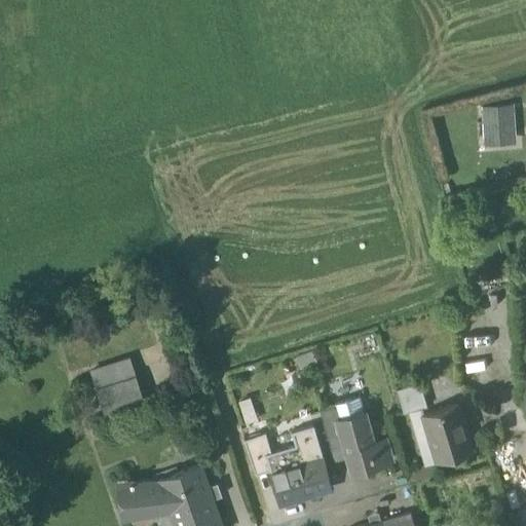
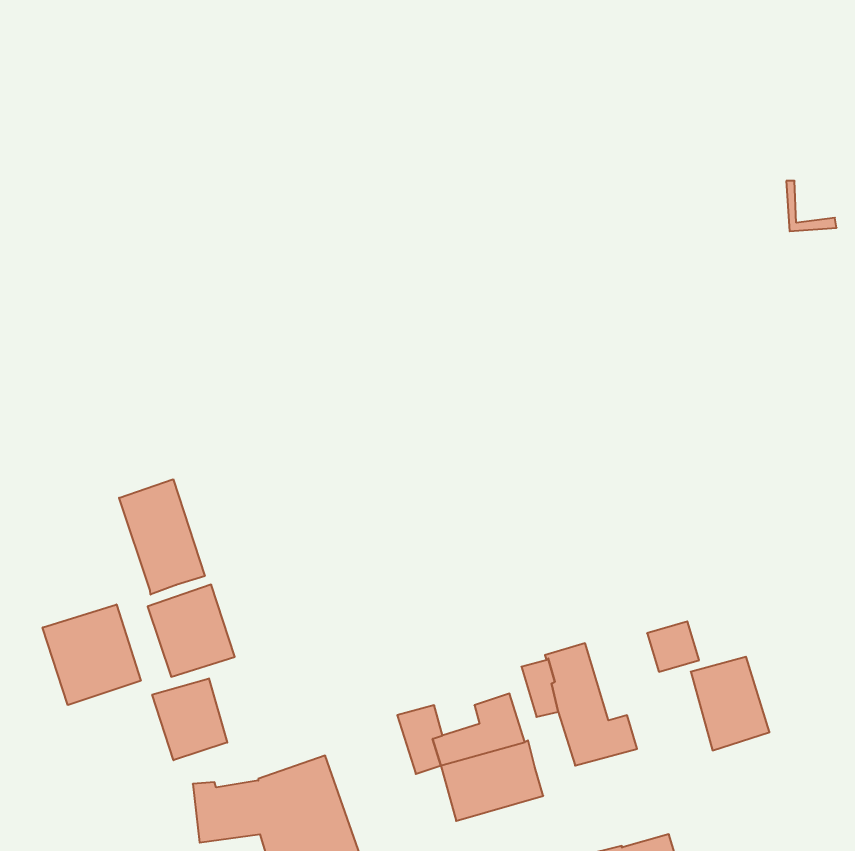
building: [488,112,513,140] -> none
building: none -> [119,479,205,595]
building: none -> [43,604,141,705]
building: none -> [152,678,227,760]

